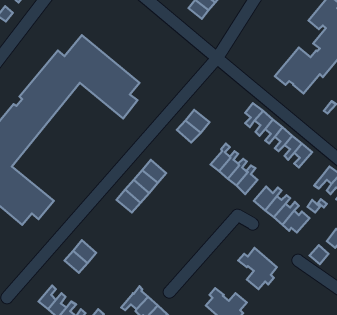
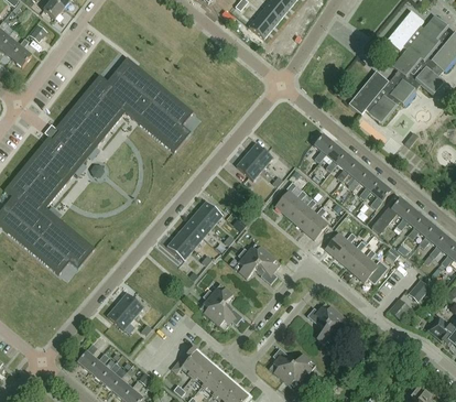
building: none -> [371,197,411,233]
building: none -> [234,241,281,282]
building: none -> [198,283,241,329]

